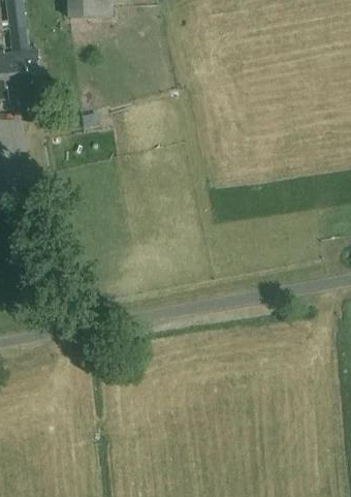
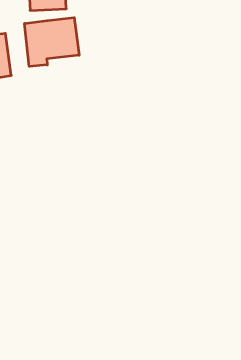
building: none -> [25,18,79,66]

